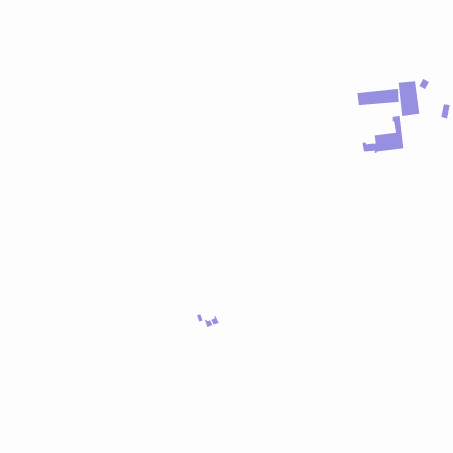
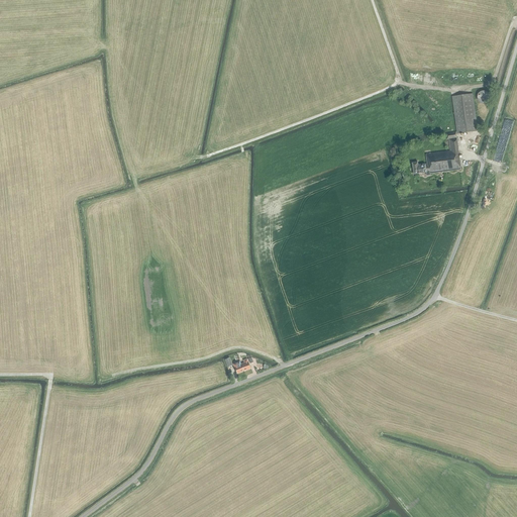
building: [357,88,399,106] -> none

